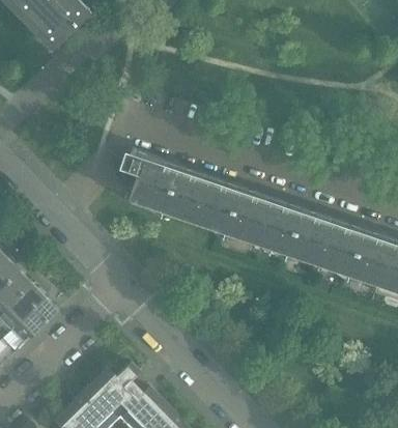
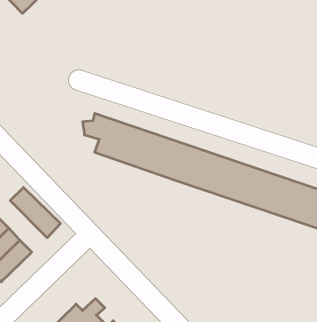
building: none -> [10,187,60,238]

